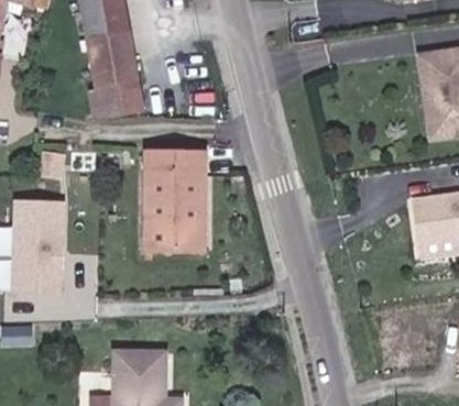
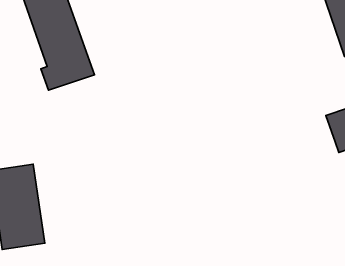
building: [142,151,207,252] -> none

